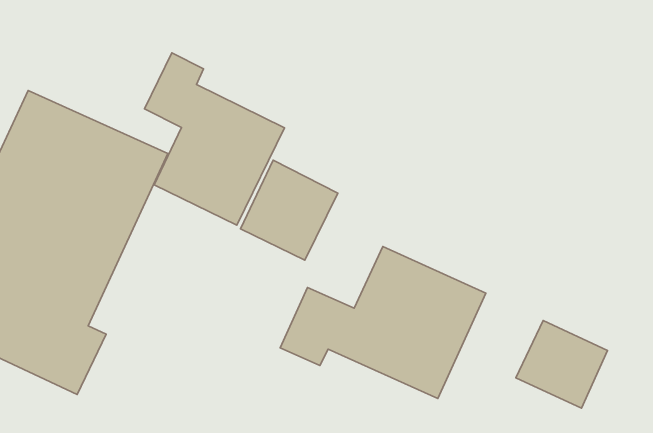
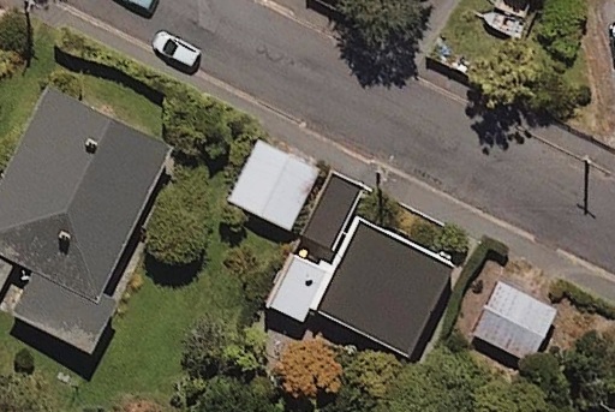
building: [144,53,284,225] -> none

